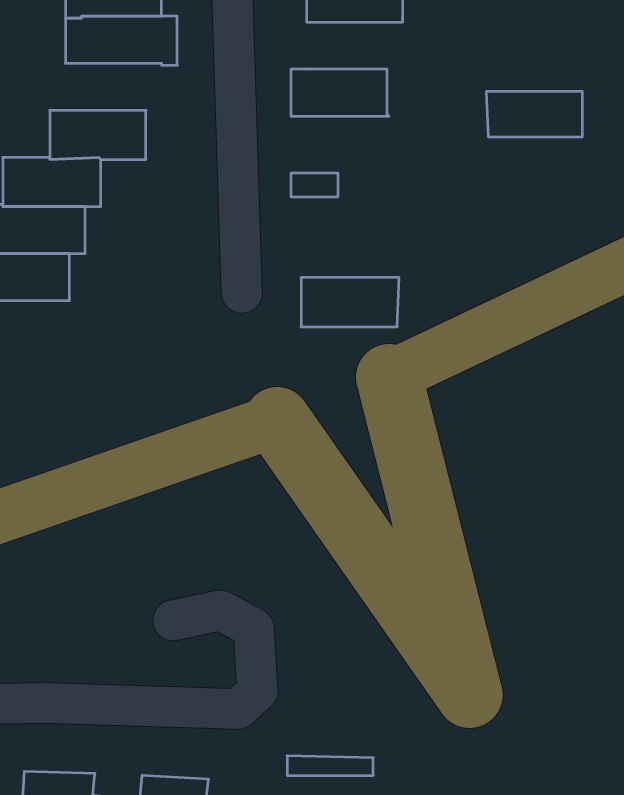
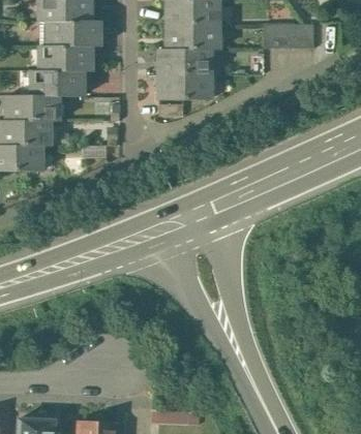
building: none -> [168,24,218,50]
building: none -> [40,45,91,71]
building: [486,92,582,137] -> [264,24,314,48]
building: [301,278,399,327] -> [159,73,211,99]

